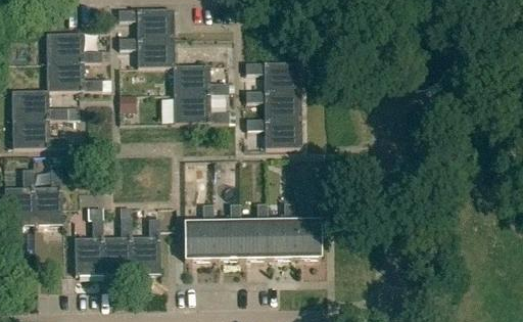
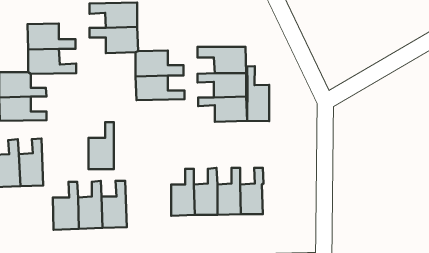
building: none -> [247,66,269,121]
building: [184,203,213,259] -> [89,122,114,169]

